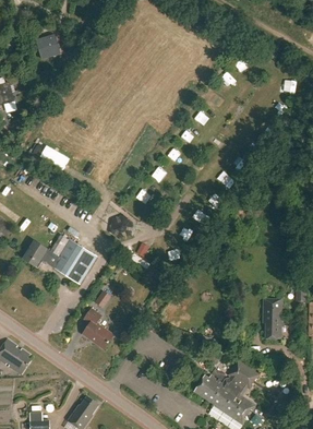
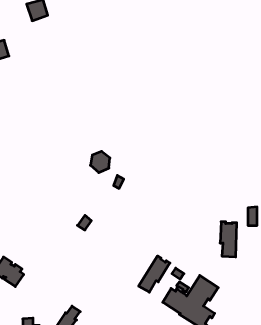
building: [23,241,97,285] -> none
building: [82,307,112,348] -> none
building: none -> [139,256,170,292]

